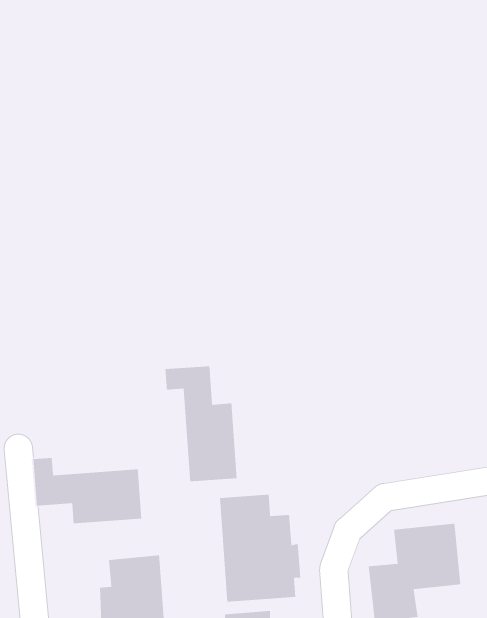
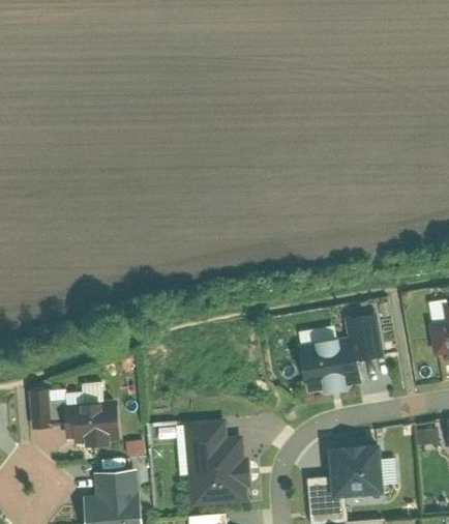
building: none -> [300,314,383,392]
building: [164,365,238,482] -> none

